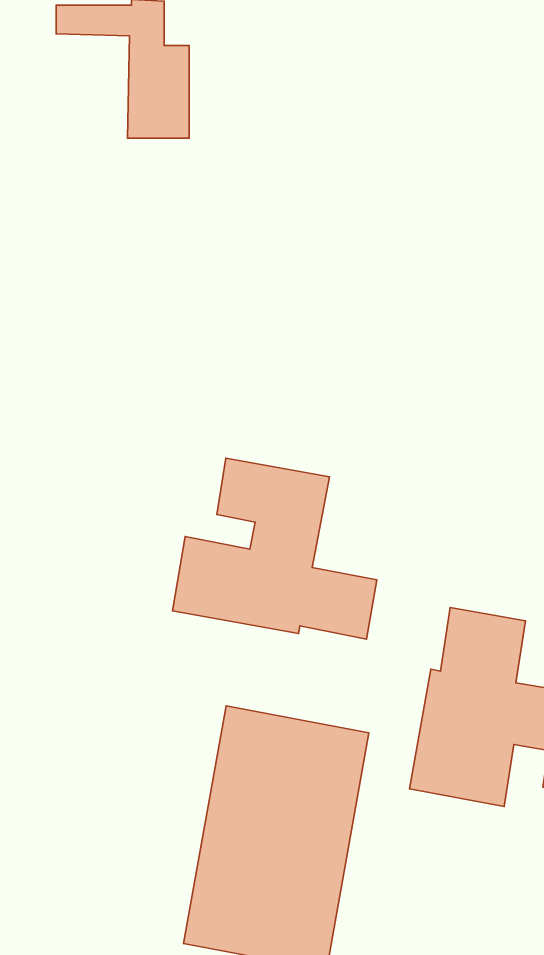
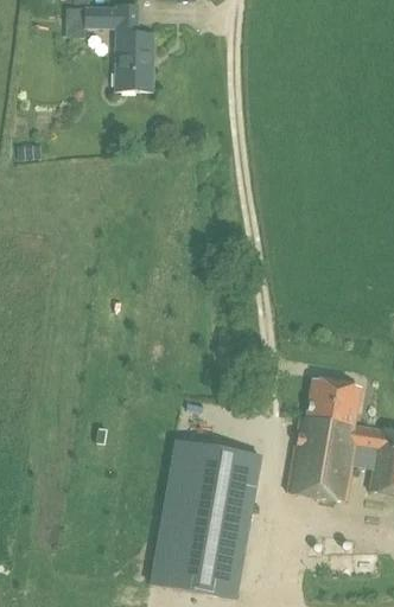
building: [173,458,377,639] -> none

